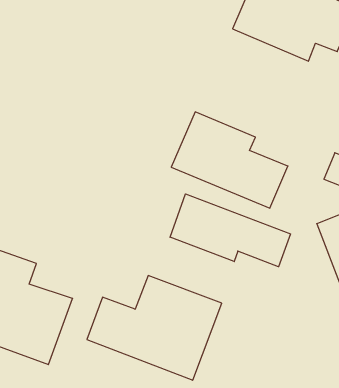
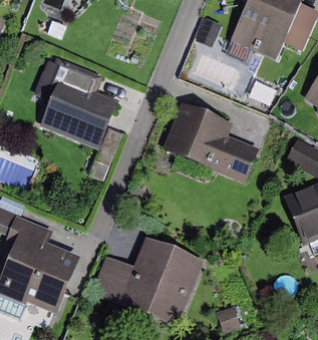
building: none -> [39,60,117,149]
building: [170,194,291,267] -> none

